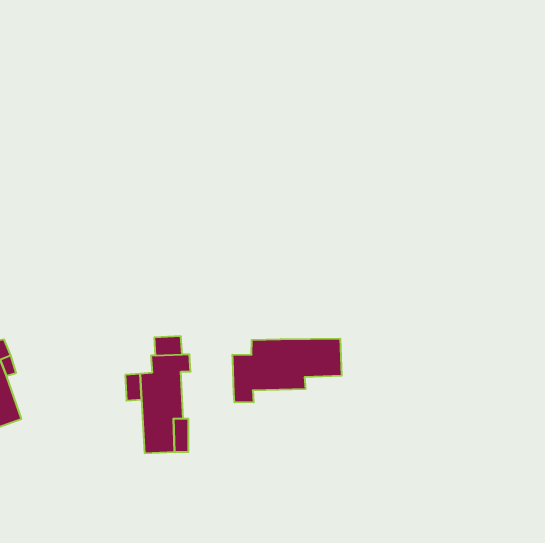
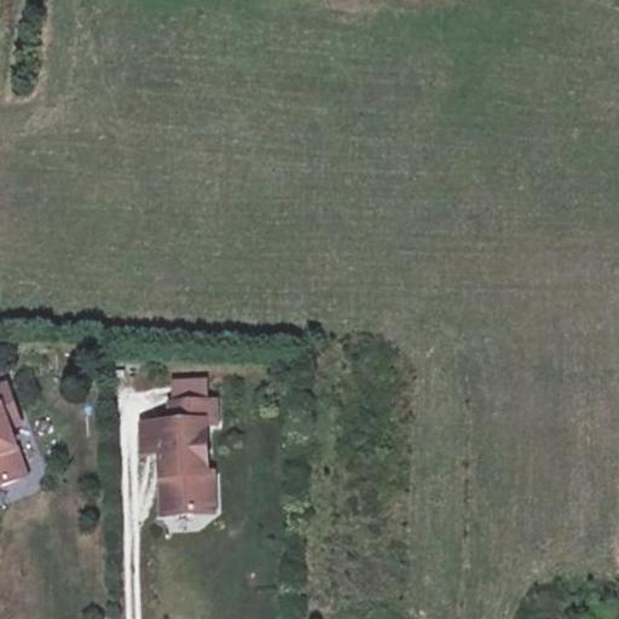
building: [232,339,342,402] -> none

